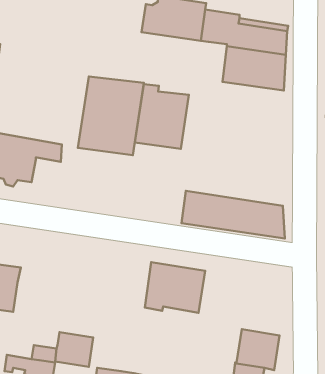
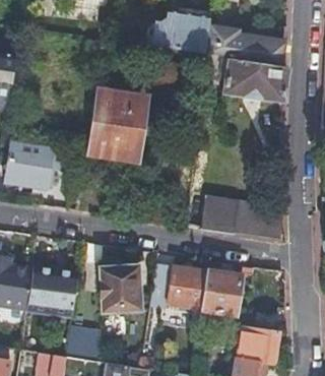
building: [135,84,189,149] -> none
building: none -> [103,263,143,310]
building: none -> [27,266,79,319]
building: none -> [201,270,243,324]

